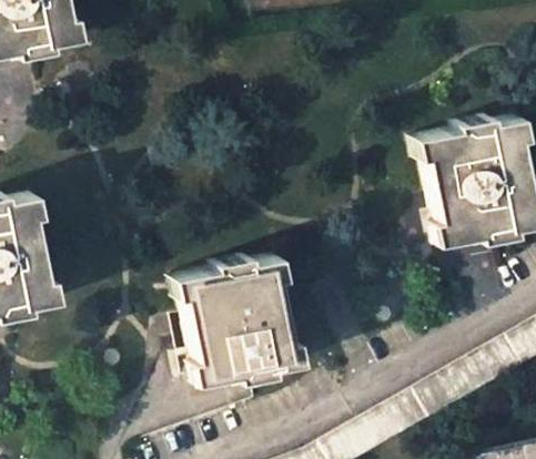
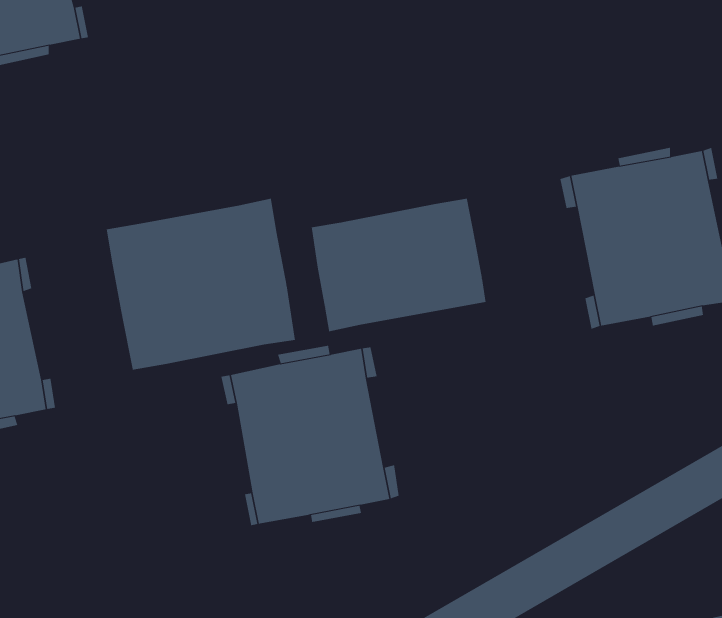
building: none -> [311,198,486,332]
building: none -> [106,198,296,371]

